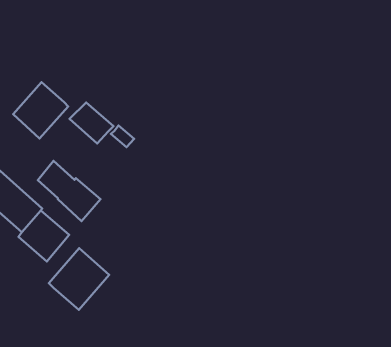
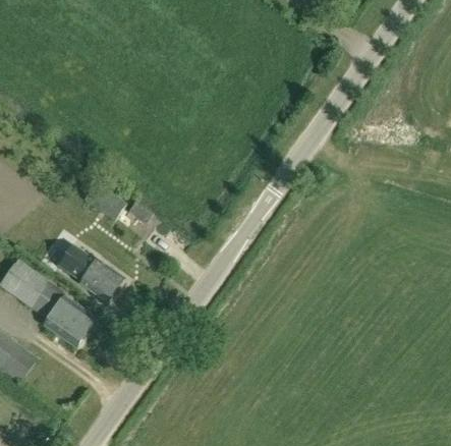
building: [13,82,68,139] -> none
building: [49,248,109,310] -> none

